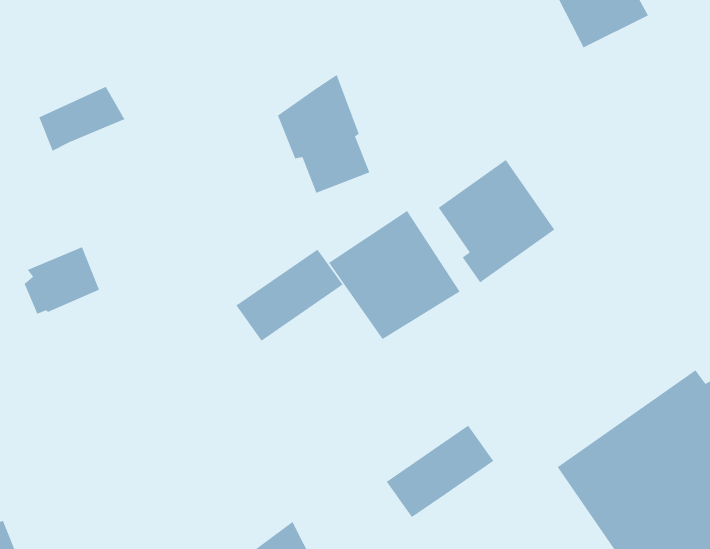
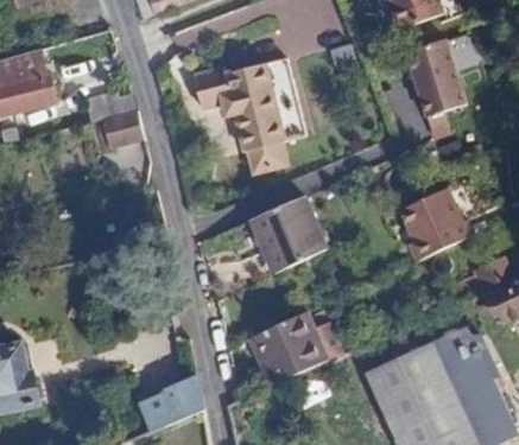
building: none -> [192,65,274,125]
building: [438,159,555,283] -> [400,184,470,258]
building: [24,247,100,314] -> [99,110,145,147]
building: [235,249,343,342] -> [248,311,317,362]

